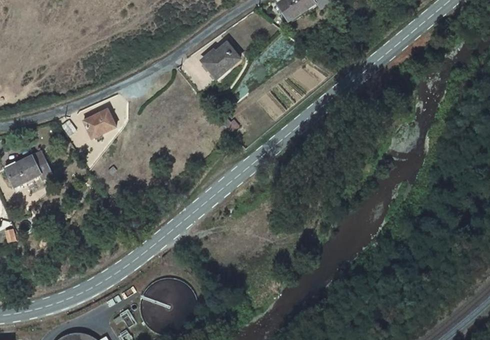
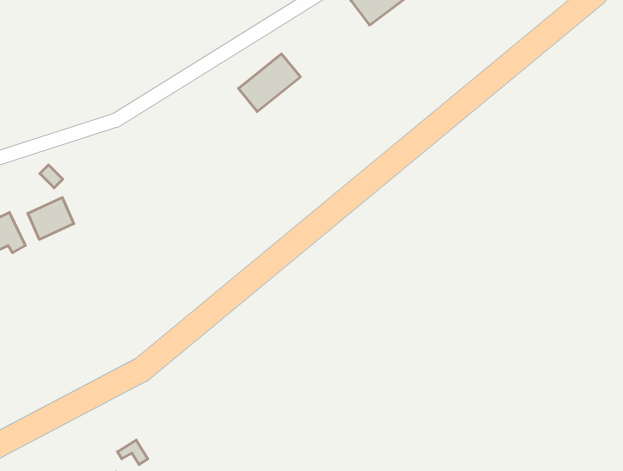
building: [83,108,115,137] -> [28,198,74,239]

